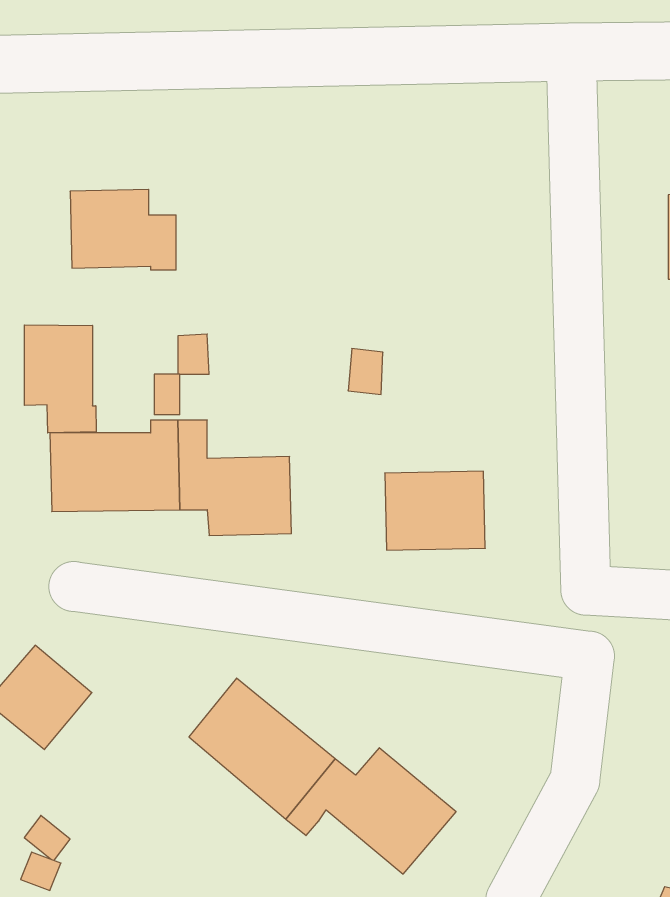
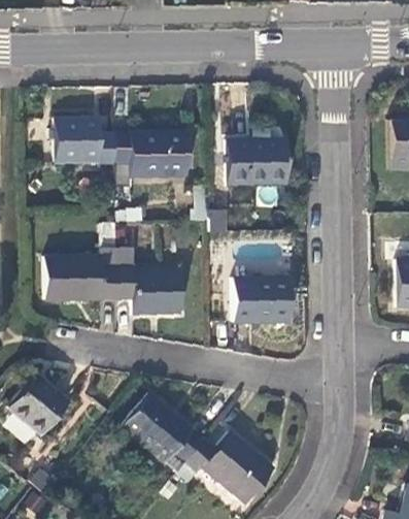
building: none -> [115,130,188,175]
building: none -> [227,138,285,184]
building: [24,325,96,433] -> none

